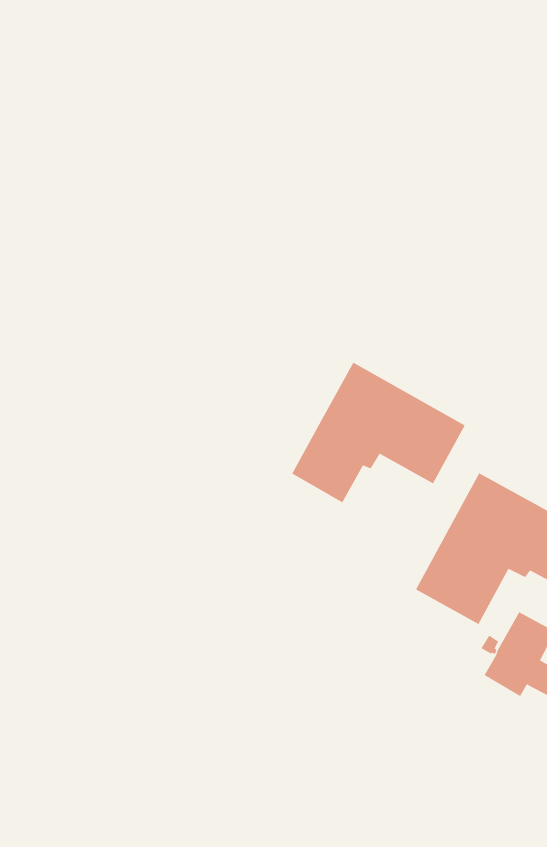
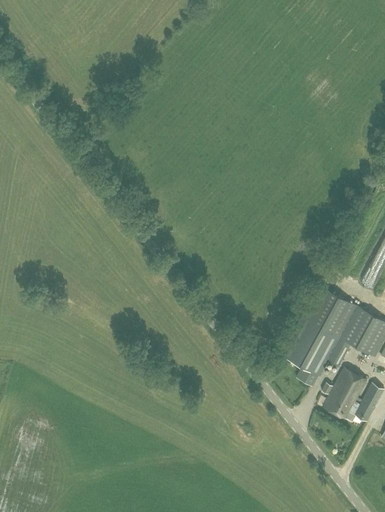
building: [291,362,466,503] -> none

